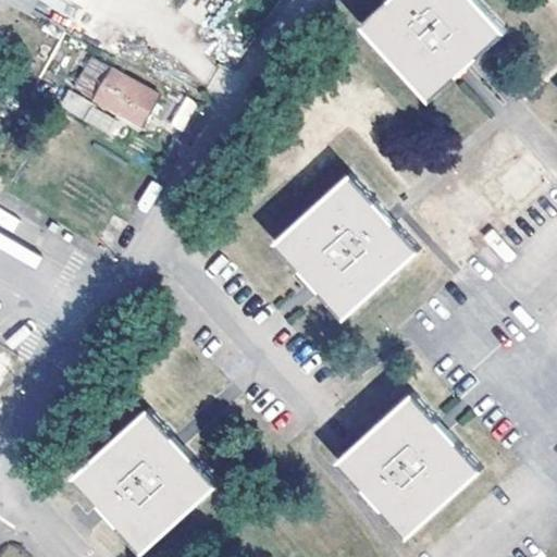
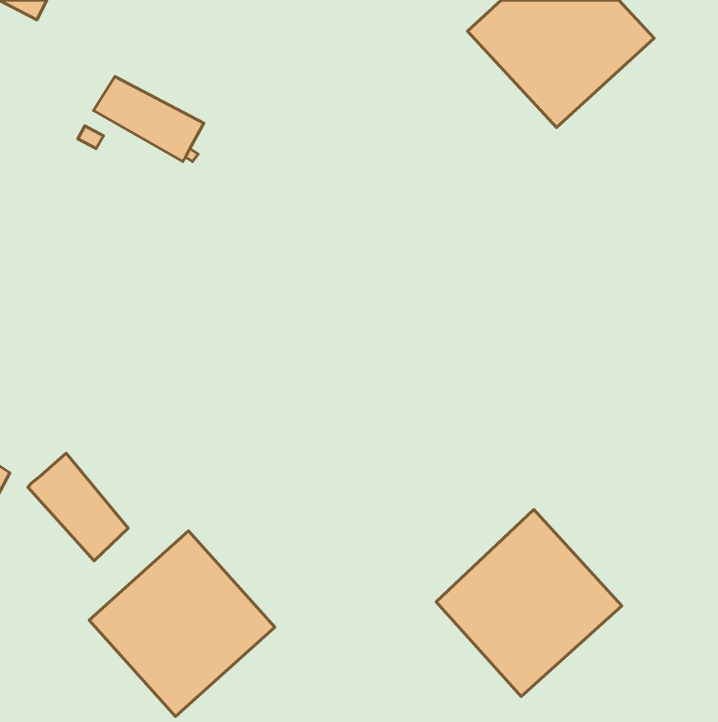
building: [273,174,417,319] -> none
building: none -> [28,453,128,561]

